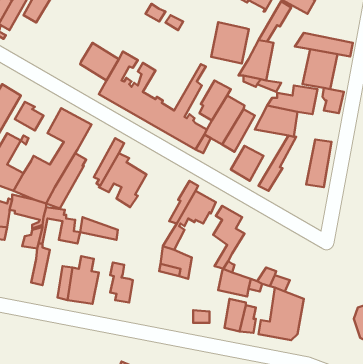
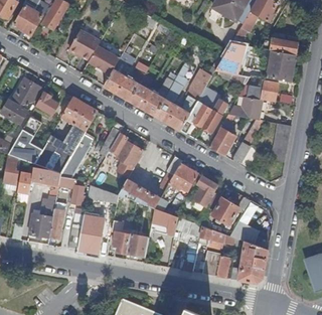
building: [211,22,249,63] -> none
building: none -> [69,29,101,59]
building: none -> [119,179,161,207]
building: none -> [212,195,252,224]
building: none -> [30,209,53,238]
building: none -> [128,233,150,257]

